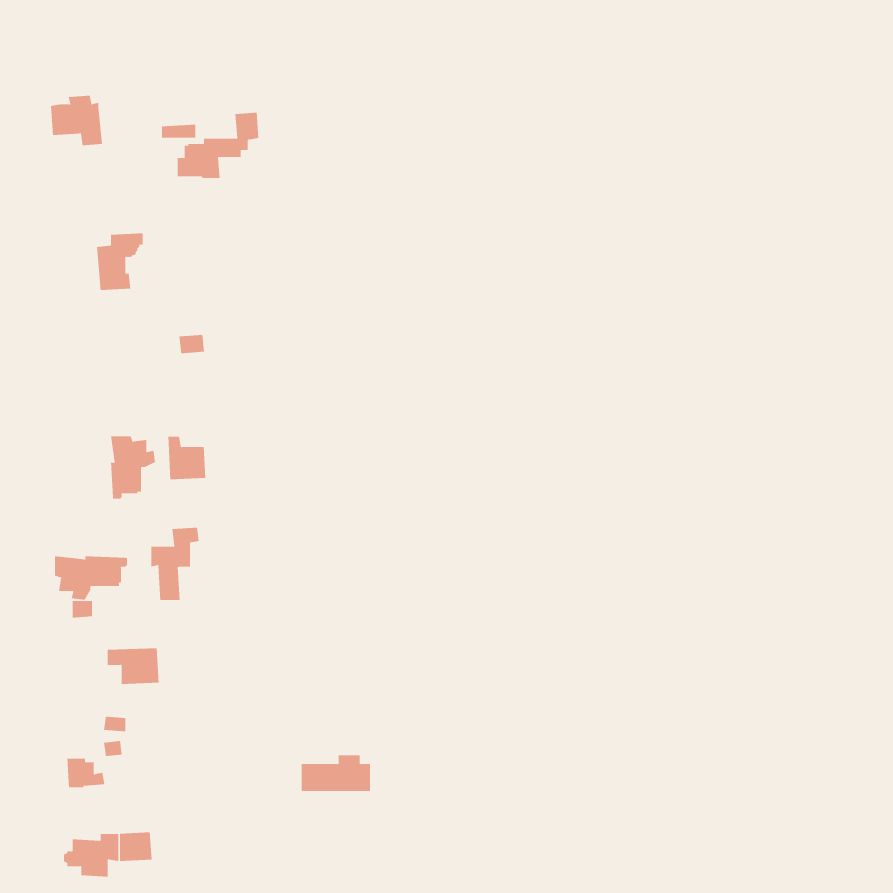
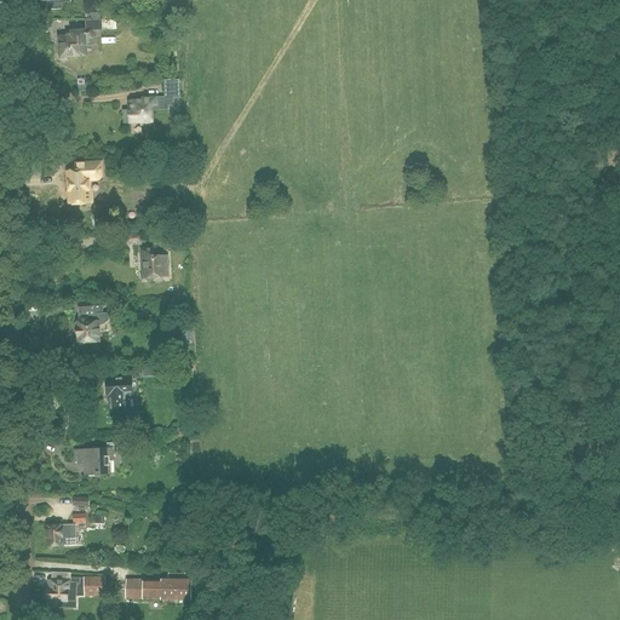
building: [50,95,103,146] -> [57,28,93,63]
building: [168,436,206,480] -> [140,247,167,277]
building: [54,555,128,601] -> none
building: [301,755,371,792] -> [142,573,190,598]

